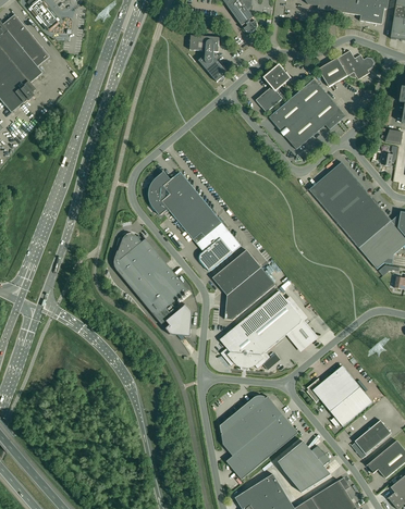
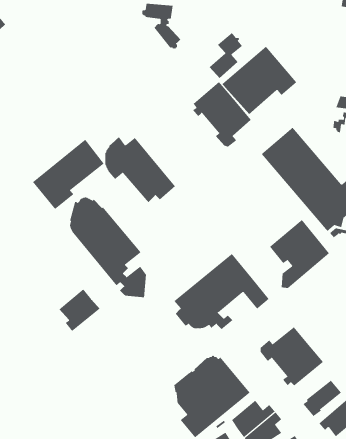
building: [318,50,373,86] -> none
building: none -> [192,81,252,147]
building: none -> [32,139,104,210]
building: [193,222,241,271] -> none
building: [212,249,274,320] -> [269,219,330,288]
building: none -> [59,289,101,332]

